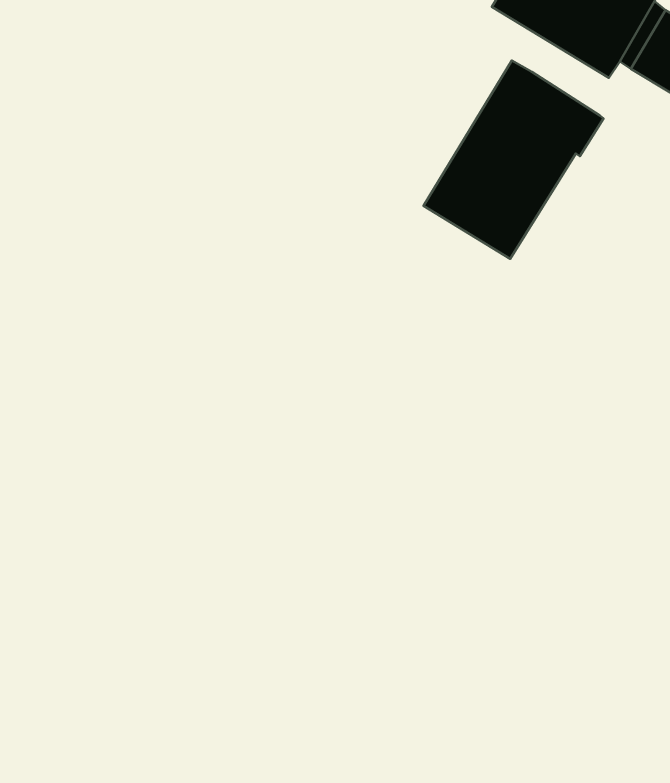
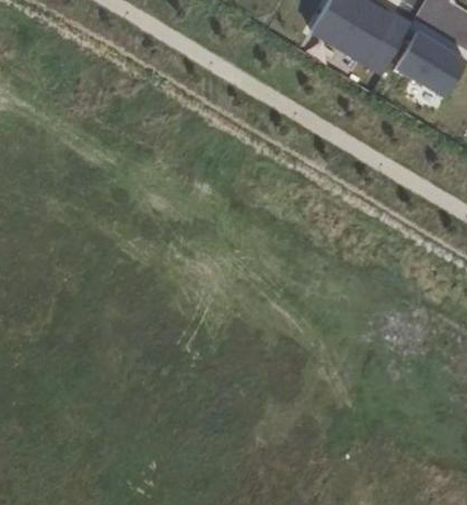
building: [423,61,604,259] -> none

